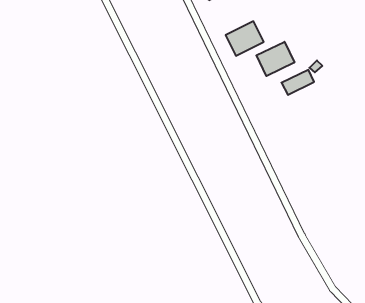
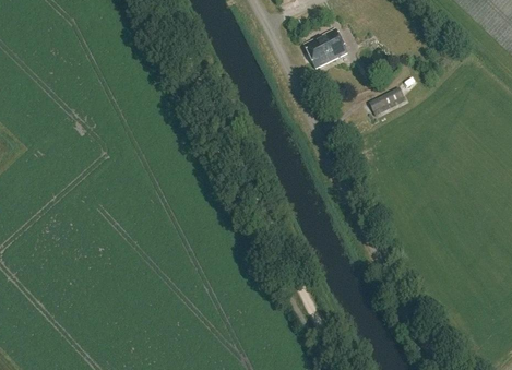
building: [256,42,294,76] -> none

